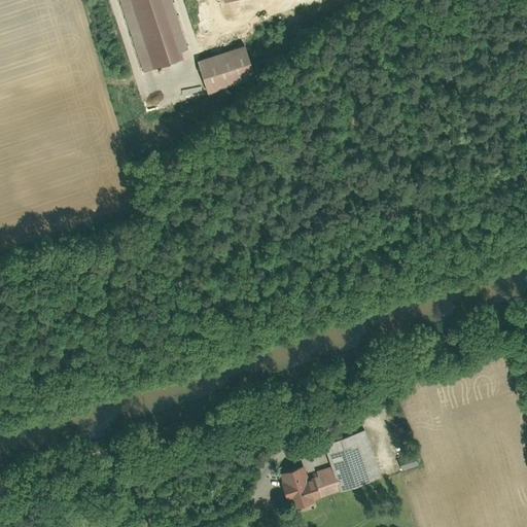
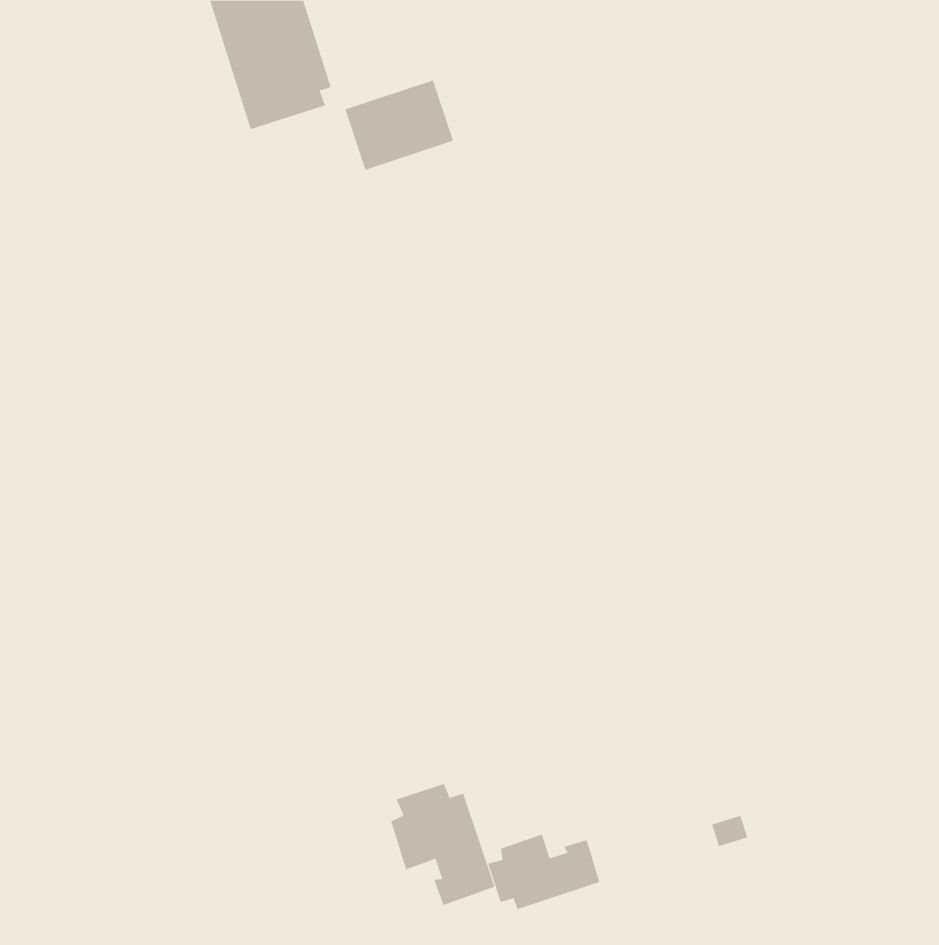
building: [322,429,382,491] -> none
building: none -> [390,783,495,906]

